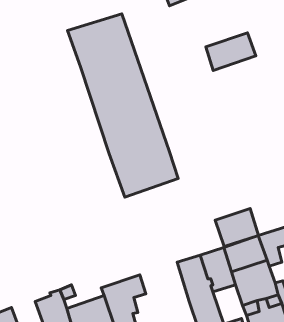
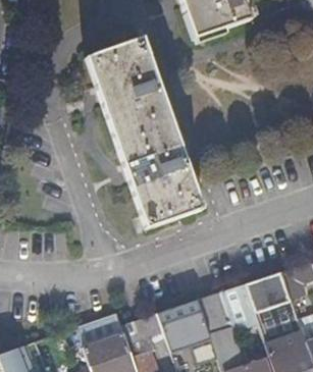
building: [206,33,256,71] -> none
building: [215,208,259,246] -> none
building: none -> [162,298,213,351]

